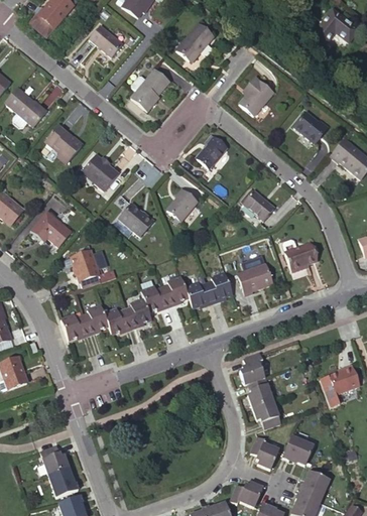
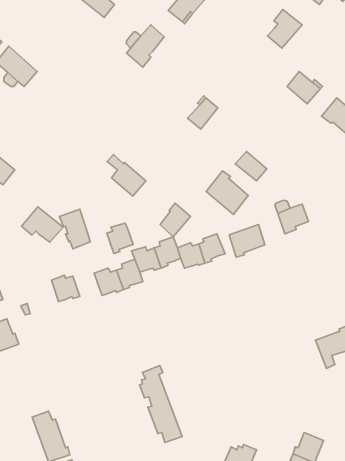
building: [239,76,273,114] -> [268,10,302,48]
building: [46,125,82,162] -> none
building: [81,152,118,189] -> none
building: [166,187,197,221] -> [160,203,191,237]
building: none -> [206,171,248,214]
building: [31,211,73,246] -> [22,207,63,242]
building: [82,304,108,335] -> [107,223,133,254]
building: [240,353,282,429] -> [140,365,182,443]
building: [252,435,280,469] -> none
building: [283,436,315,465] -> none

